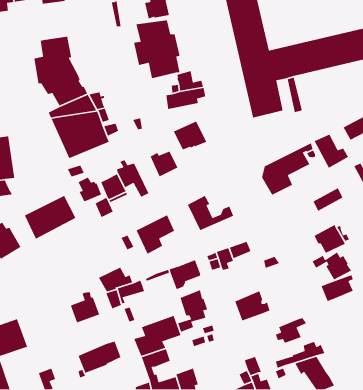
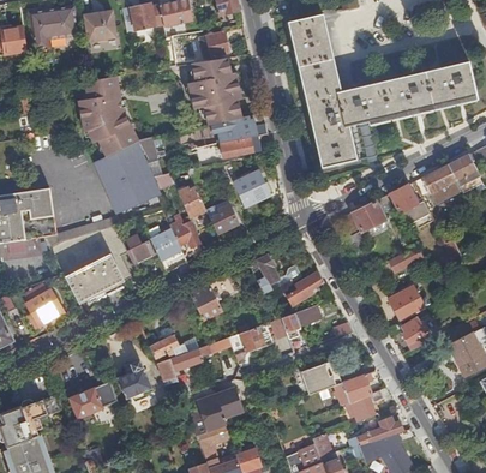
building: none -> [178,186,206,217]
building: none -> [286,270,323,306]
building: [321,274,354,302] -> [334,373,371,405]
building: [177,289,208,333] -> none
building: [77,340,121,374] -> [68,381,118,418]

